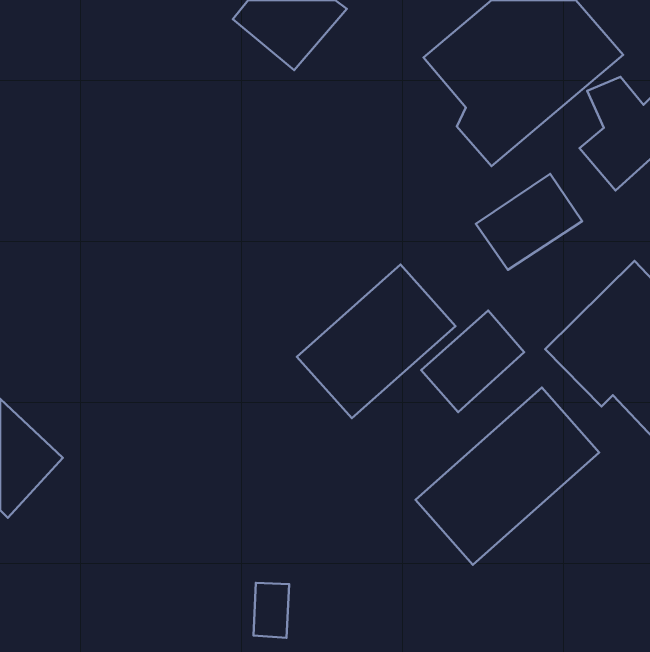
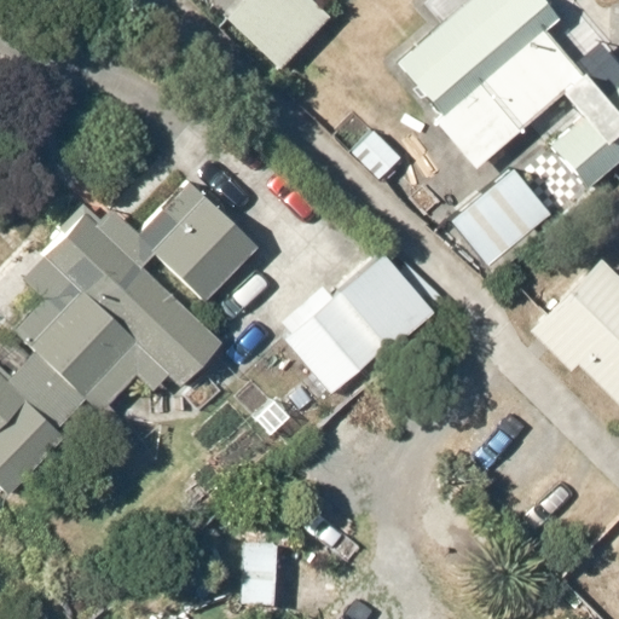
building: none -> [18,202,238,411]
building: [421,311,524,412] -> none
building: [416,388,599,565] -> none

